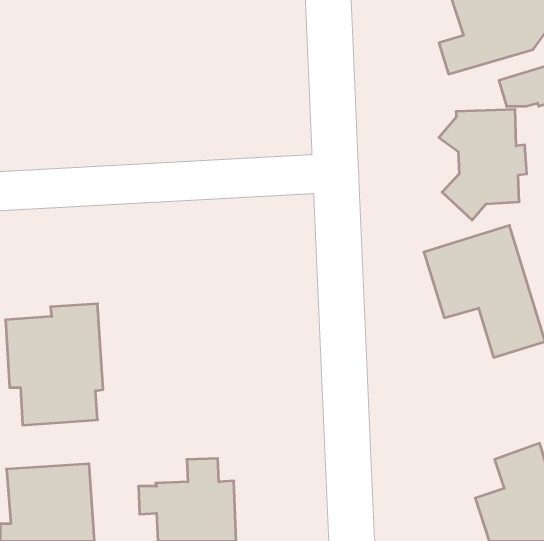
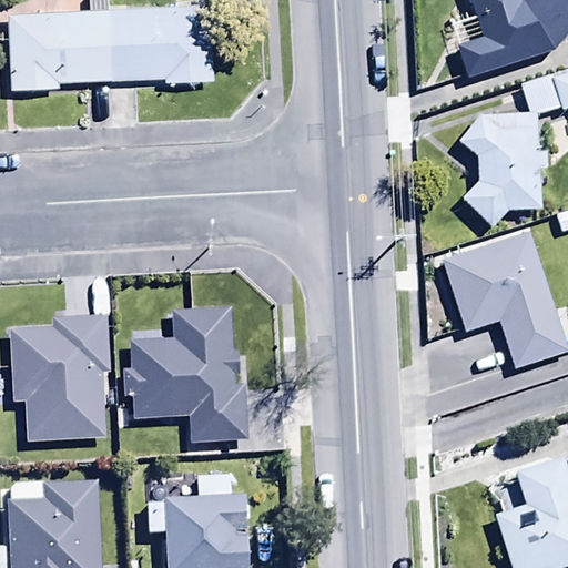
building: none -> [10,6,215,89]
building: none -> [123,306,250,443]

